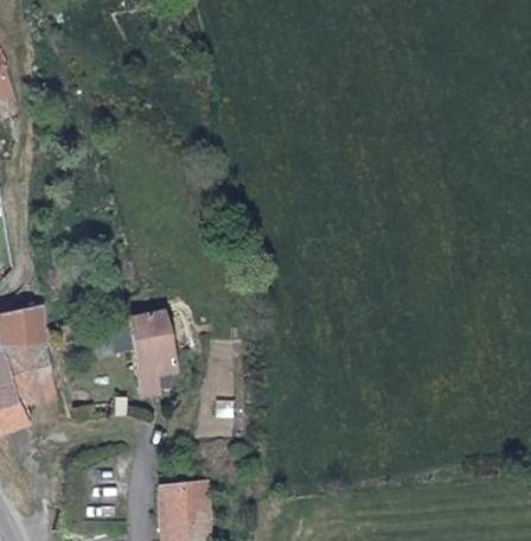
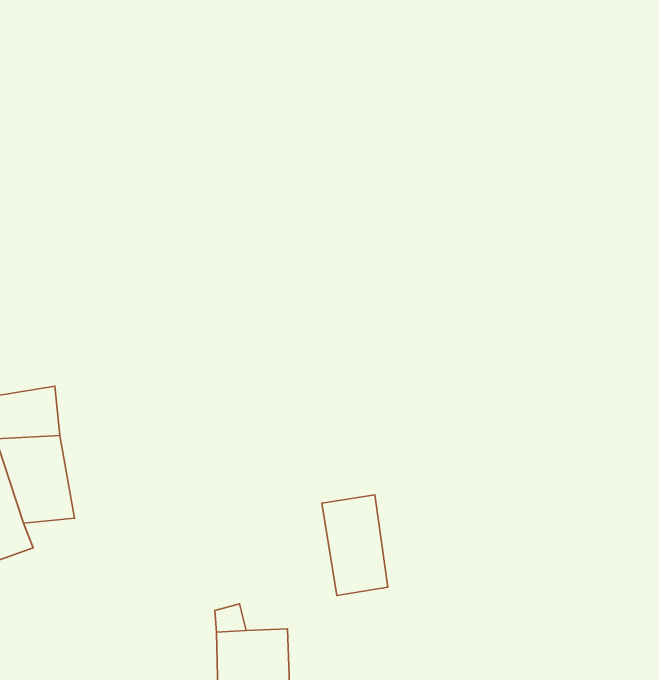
building: [130,307,178,380] -> [322,495,388,595]

